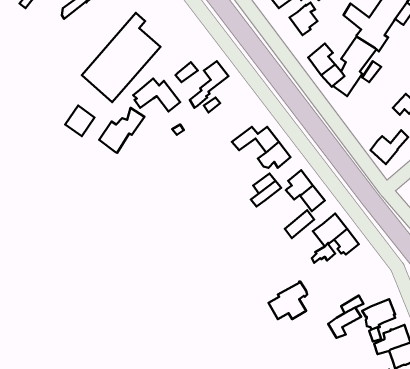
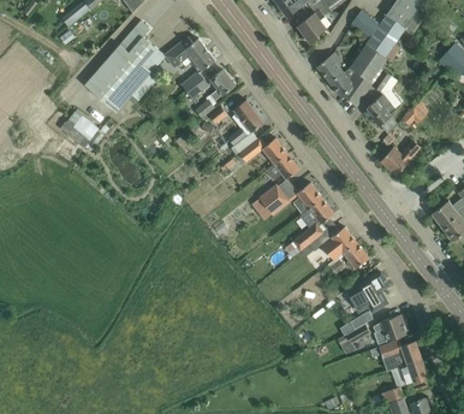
building: [133,79,180,111] -> [167,36,215,70]
building: none -> [364,94,397,126]
building: none -> [232,100,264,136]
building: [99,108,144,153] -> none
building: [269,282,307,319] -> [349,272,388,310]

